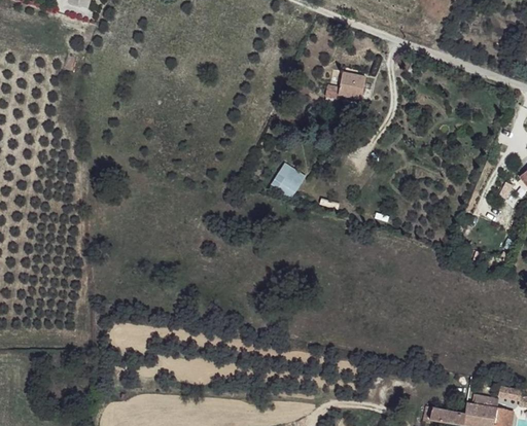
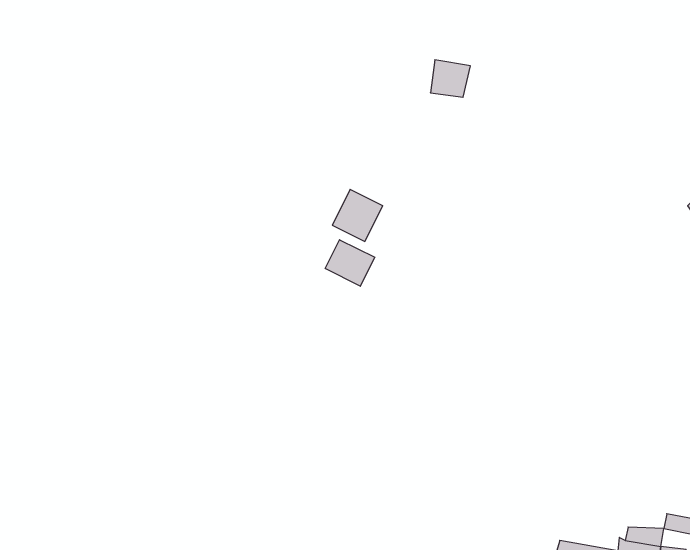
building: none -> [325,240,375,286]

